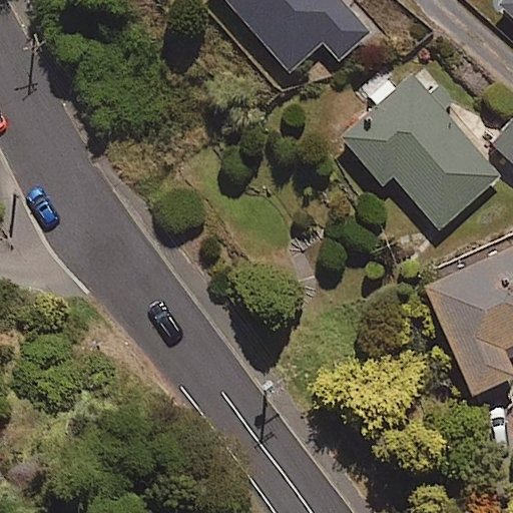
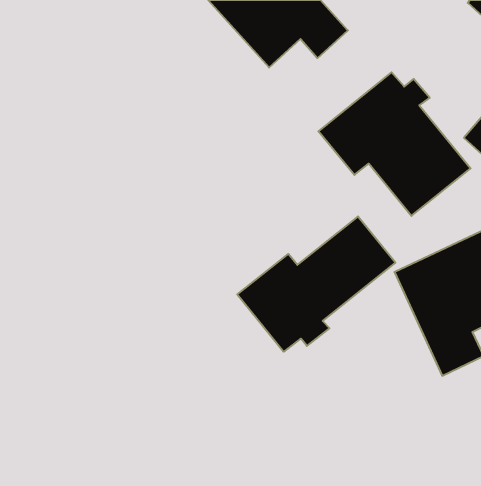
building: none -> [237,216,395,352]

